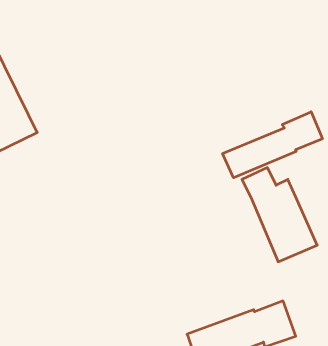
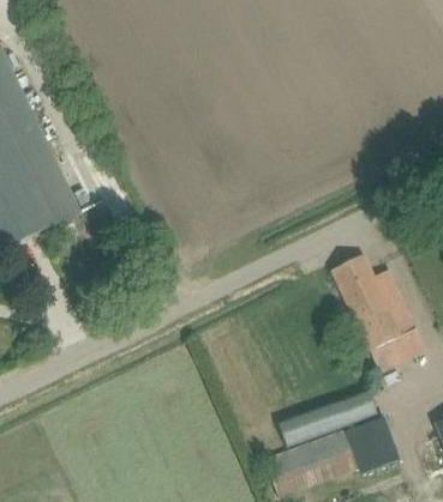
building: [223,112,322,178] -> none
building: none -> [275,393,372,441]

